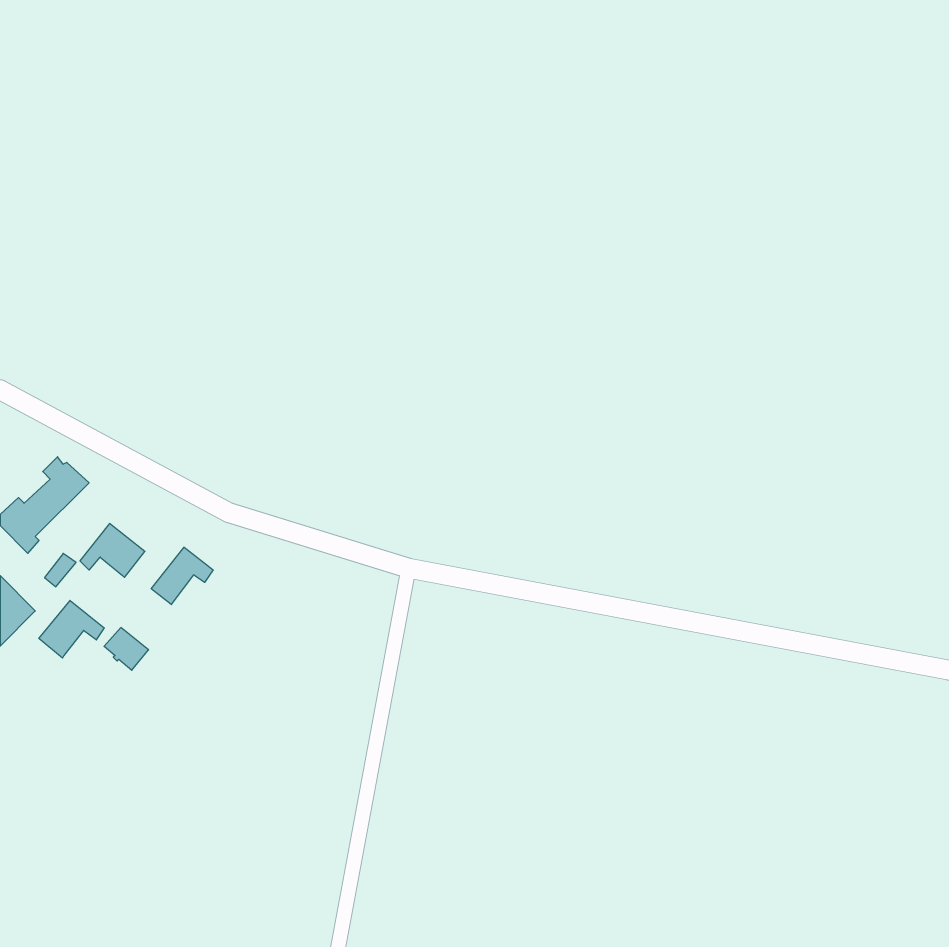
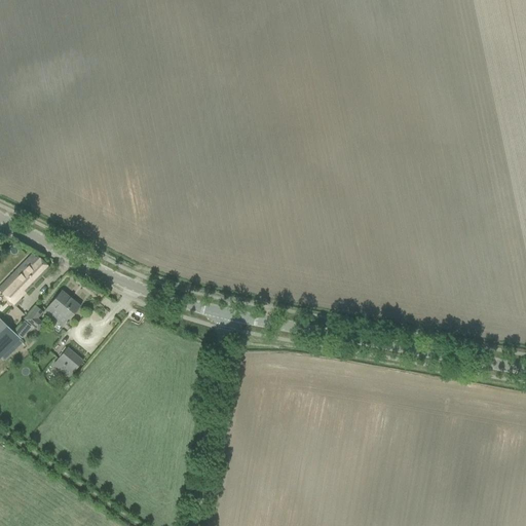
building: [151,547,213,605] -> none
building: [39,600,104,658] -> none

